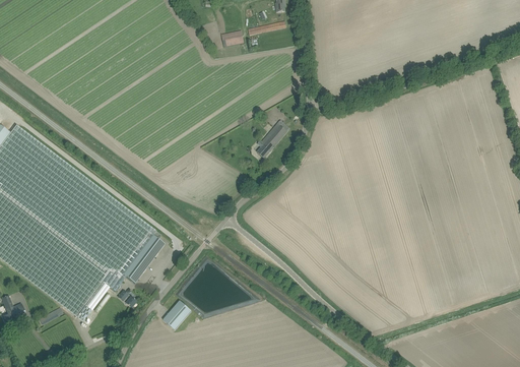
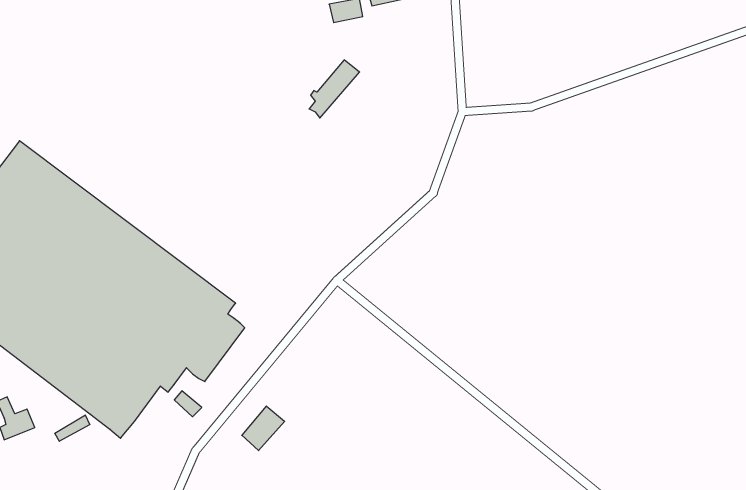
building: [255,119,288,158] -> [309,60,360,118]

